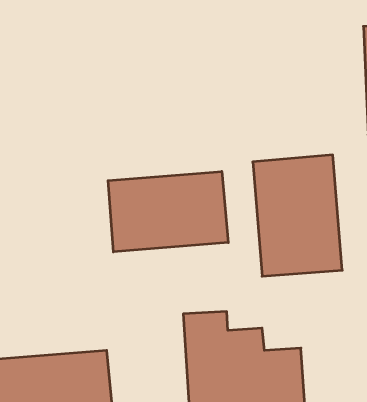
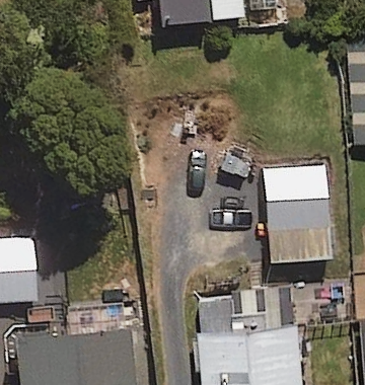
building: [108,171,228,252] -> none

